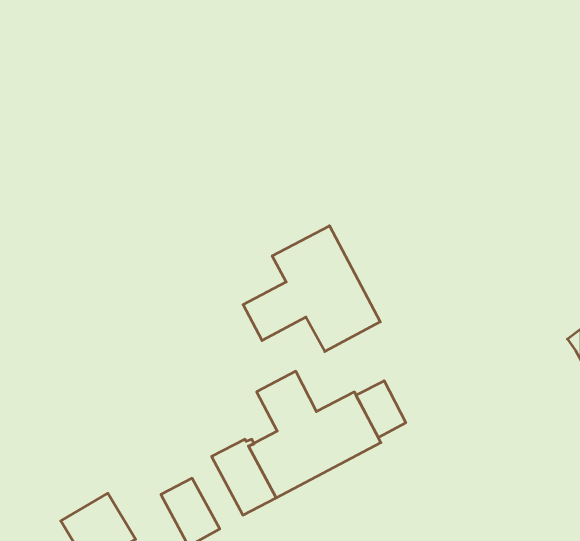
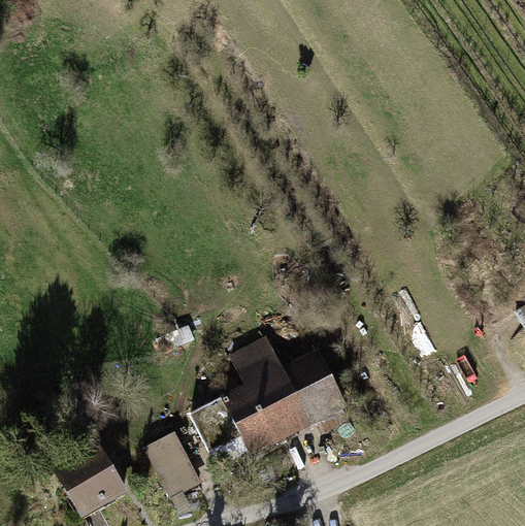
building: [243,226,380,352] -> none
building: [356,381,406,438] -> none

